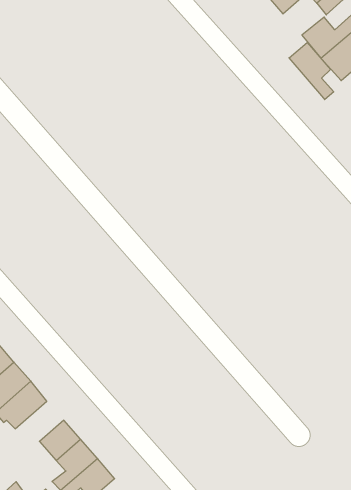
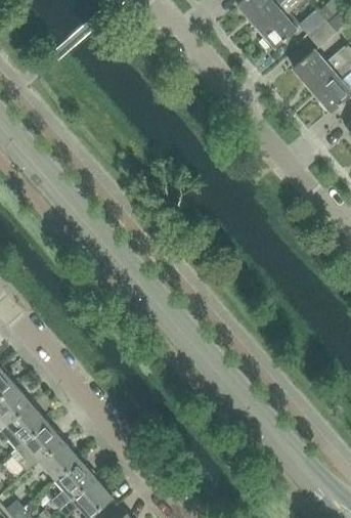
building: [289,42,334,100] -> none
building: none -> [15,422,62,471]

